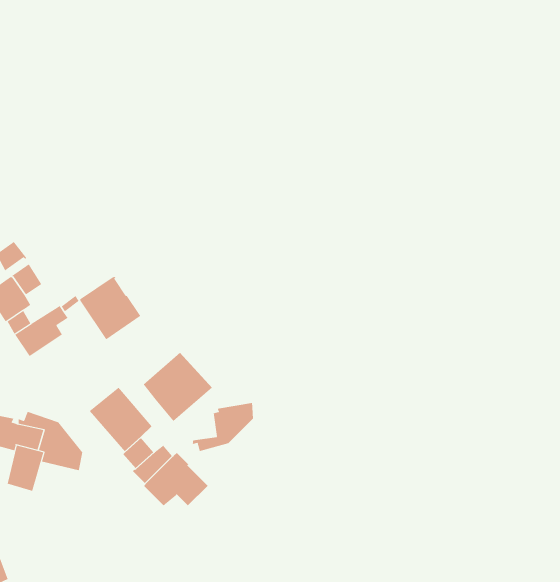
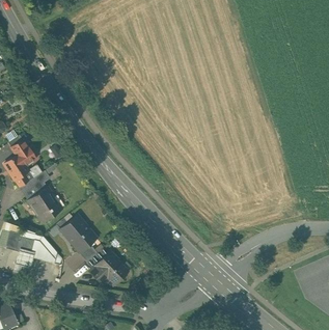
building: [80,277,141,340] -> [27,187,61,222]
building: [143,352,213,422] -> none
building: [192,402,254,452] -> none

